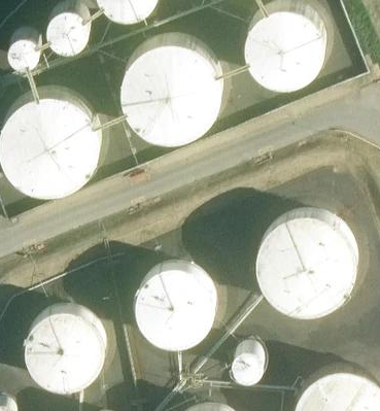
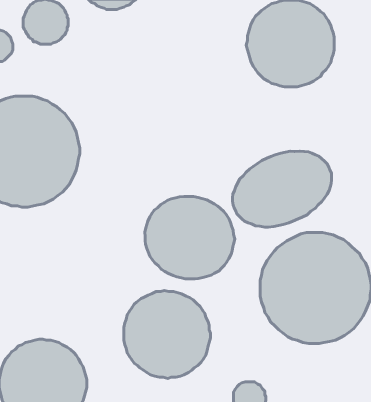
building: [120,45,219,144] -> none
building: none -> [232,151,332,227]
building: none -> [145,197,235,279]

